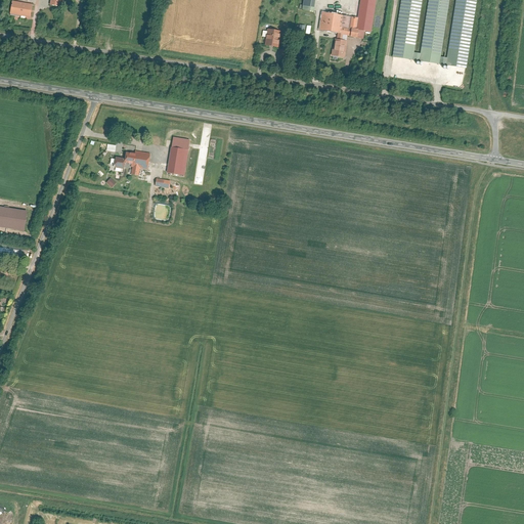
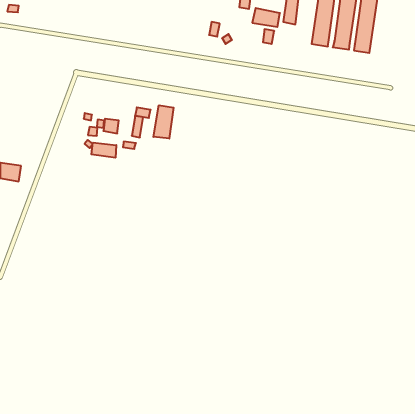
building: none -> [153,105,174,139]
building: none -> [91,143,116,158]

